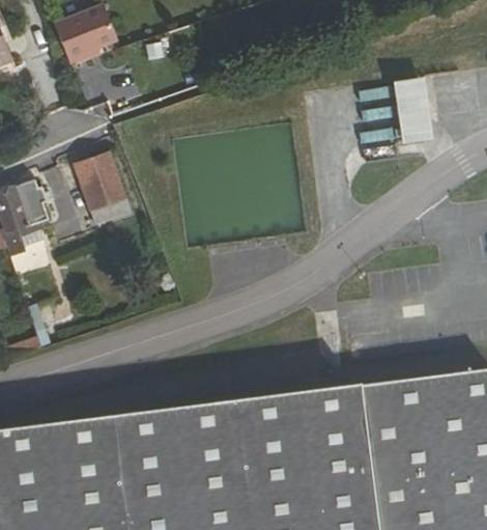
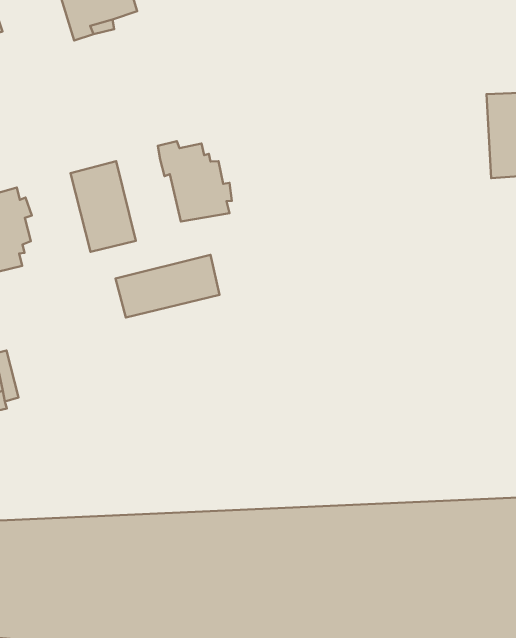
building: none -> [158,141,232,222]
building: none -> [116,255,219,318]

